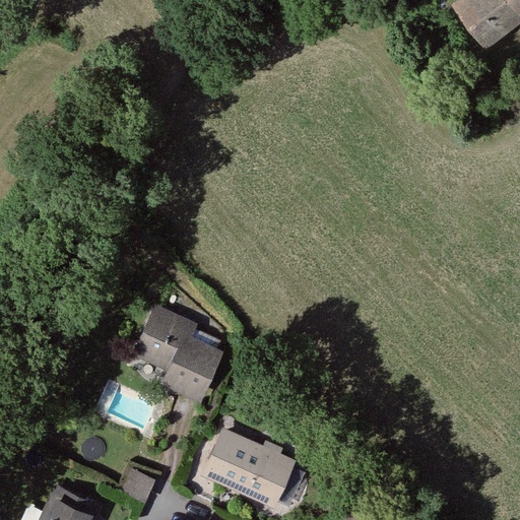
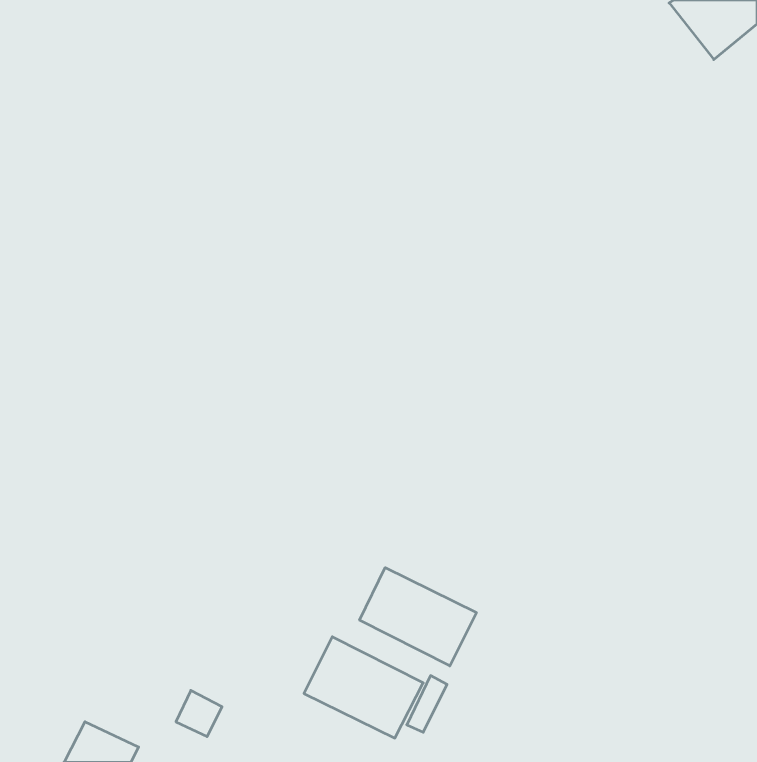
building: [136,313,216,398] -> none
building: none -> [360,568,476,666]

